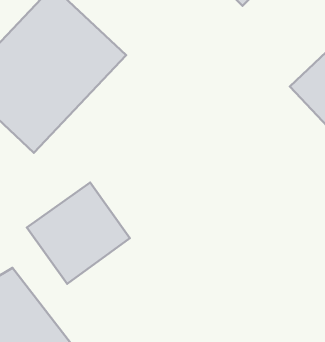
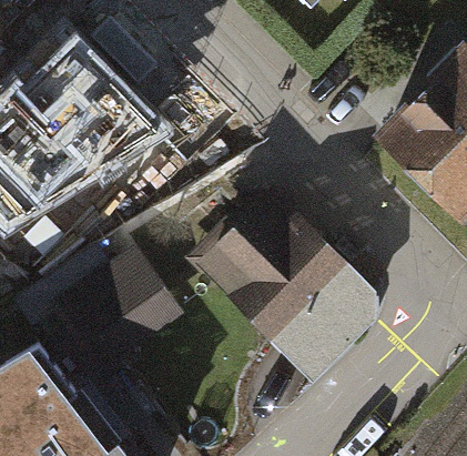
building: none -> [196,192,362,357]

